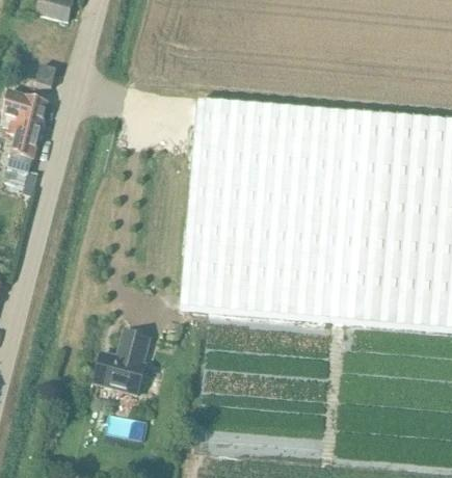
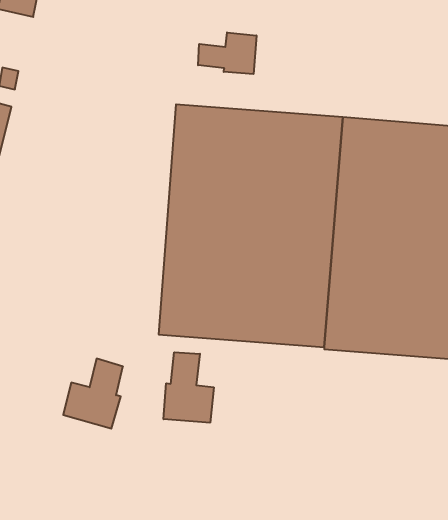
building: none -> [198,32,256,74]
building: none -> [164,352,214,423]

